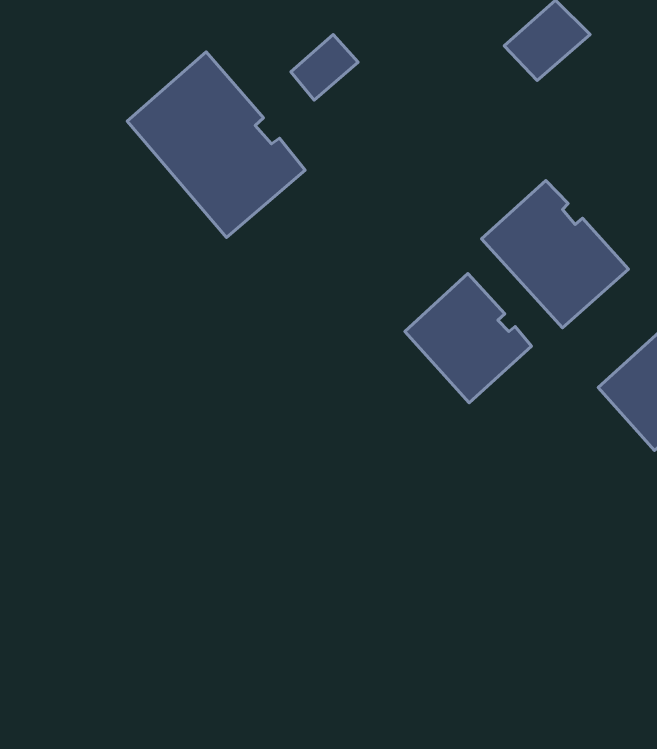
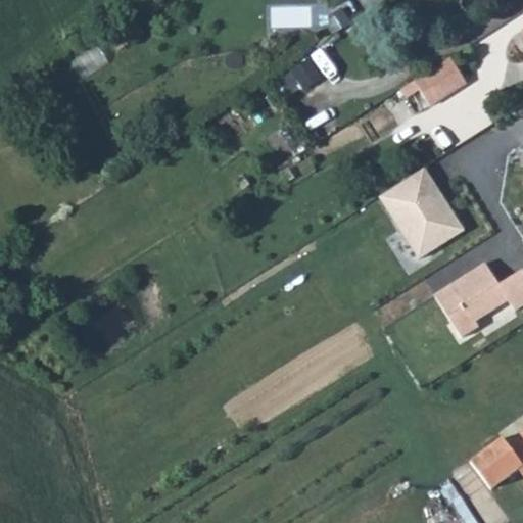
building: [127,52,305,238] -> none
building: [405,273,532,403] -> none

